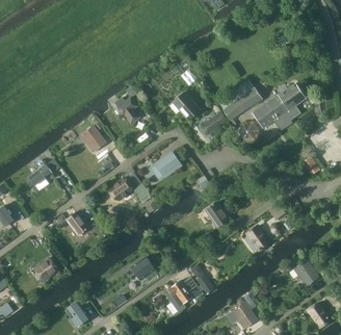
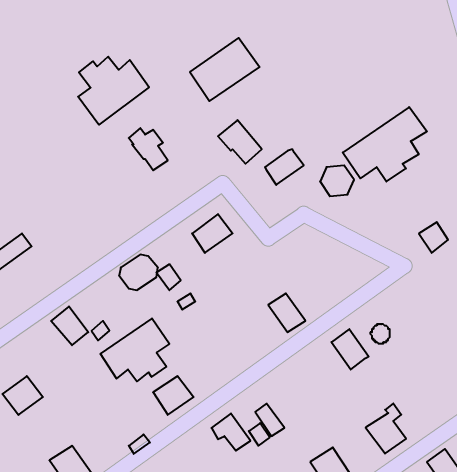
building: none -> [78,57,149,125]
building: [218,79,263,120] -> [190,38,260,101]
building: [80,124,107,152] -> none
building: none -> [100,318,169,381]
building: [293,253,319,285] -> [366,403,406,454]

